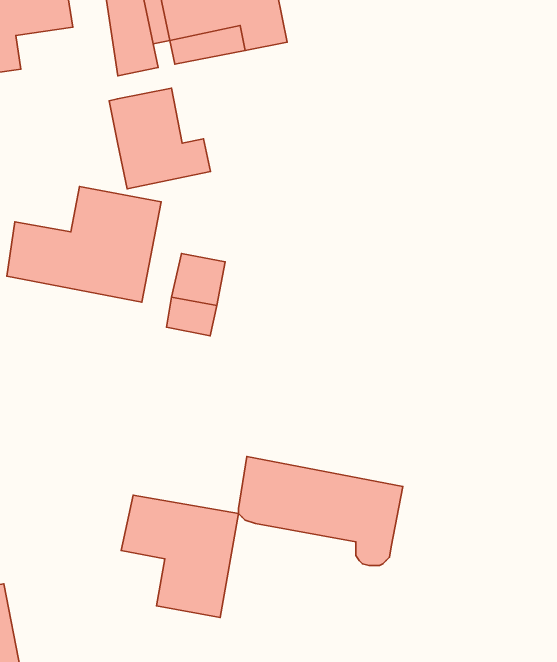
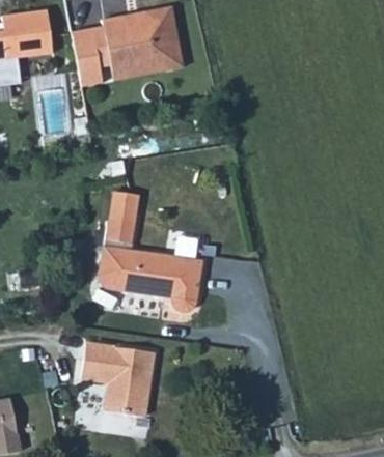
building: [109,88,210,189] -> none
building: [7,186,161,302] -> none
building: [239,456,403,565] -> [102,246,203,313]

